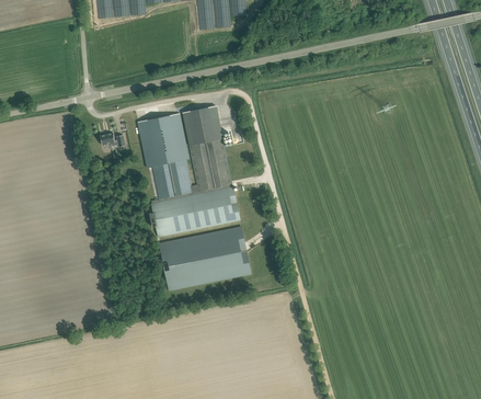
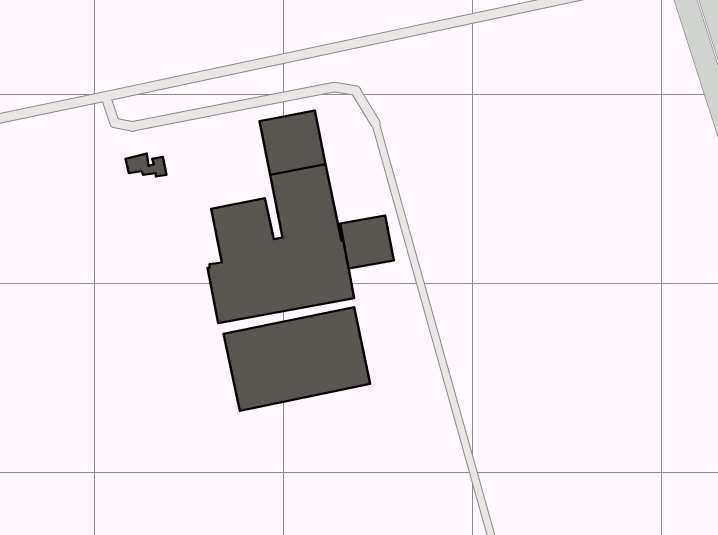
building: [136,113,187,167] -> none
building: none -> [340,215,394,269]

